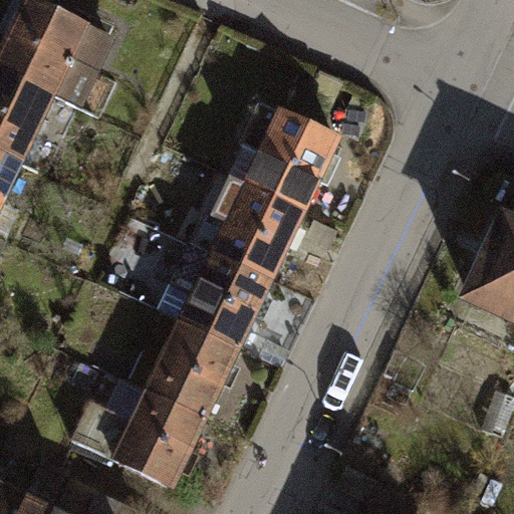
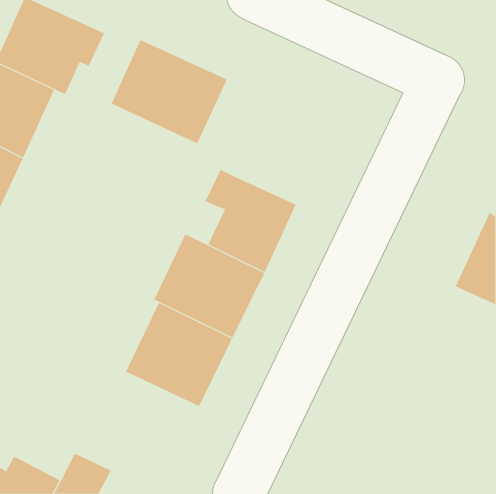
building: none -> [111,39,228,144]
building: [242,103,337,210] -> none
building: [71,391,205,485] -> none

